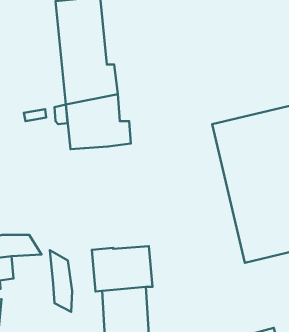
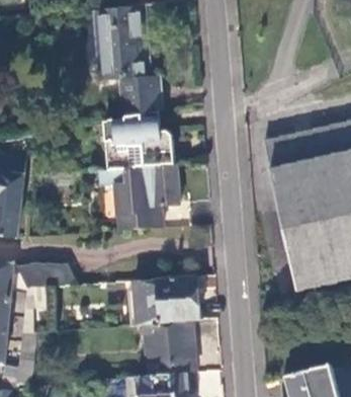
building: none -> [98,164,179,231]
building: [50,250,72,312] -> none

